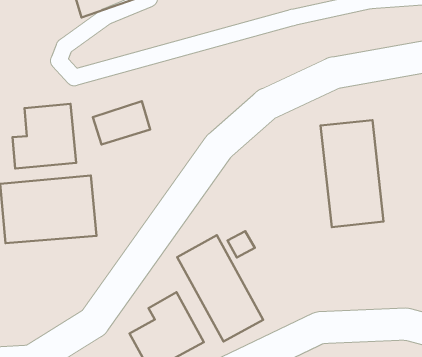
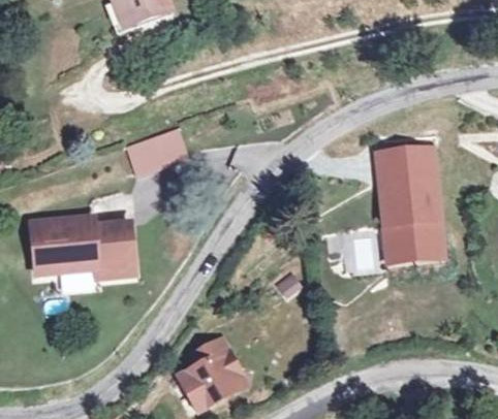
building: [13,104,76,168] -> none
building: [177,235,263,342] -> none

